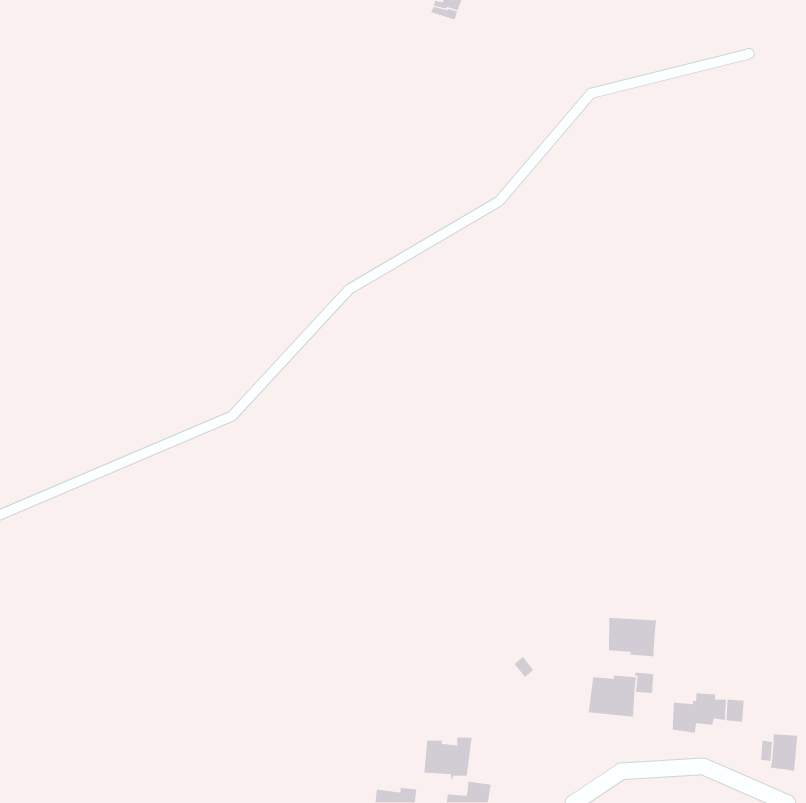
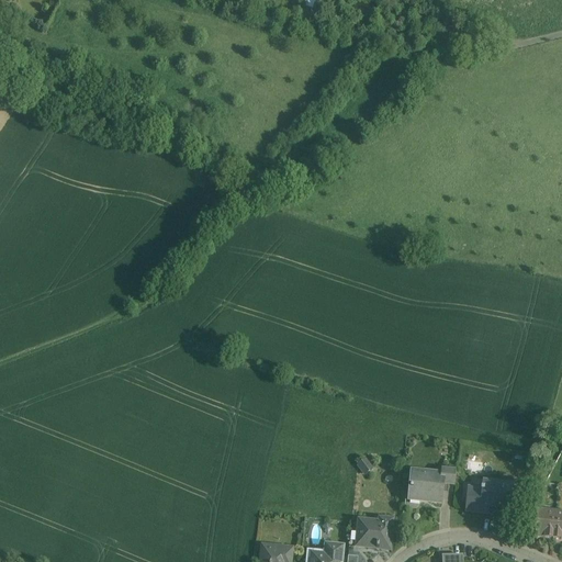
building: [608,617,657,657] -> none
building: [423,737,472,780] -> [357,517,391,547]

